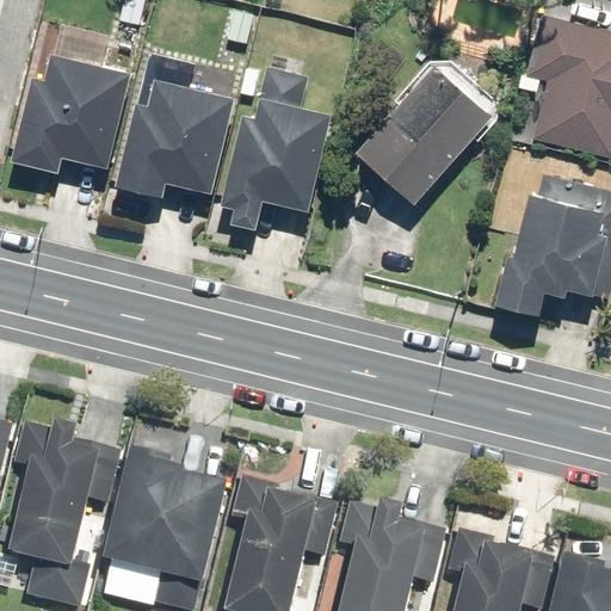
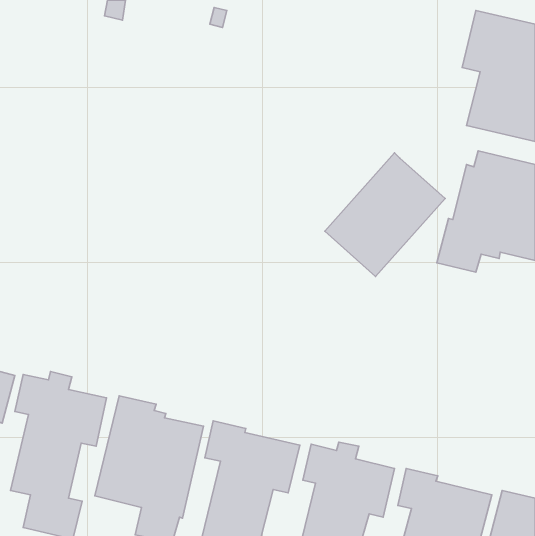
building: [11,51,130,171] -> none
building: [356,62,492,202] -> [325,153,445,276]
building: [221,67,332,228] -> none
building: [116,76,234,195] -> none

